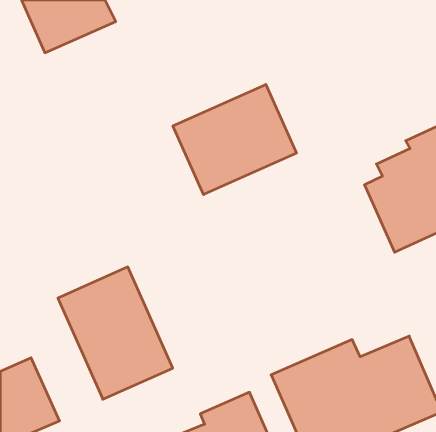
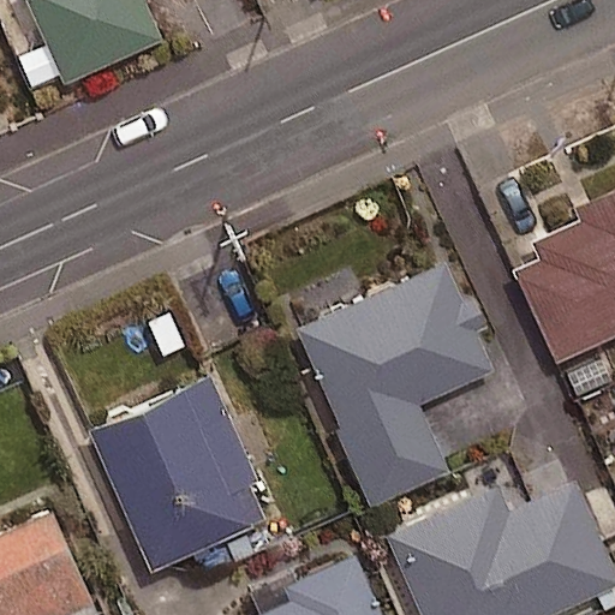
building: [173,84,296,195] -> none
building: none -> [295,261,492,503]

